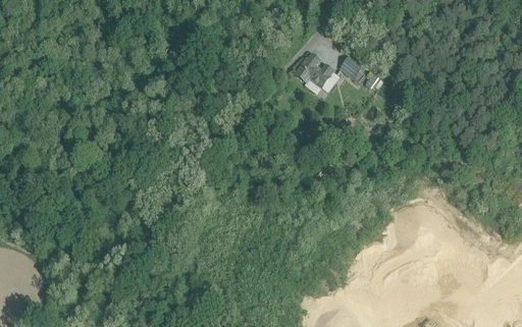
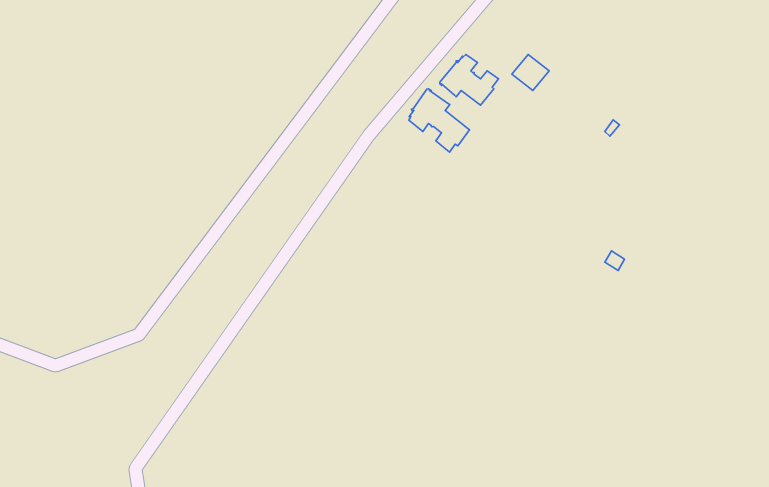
building: none -> [409,89,469,152]

